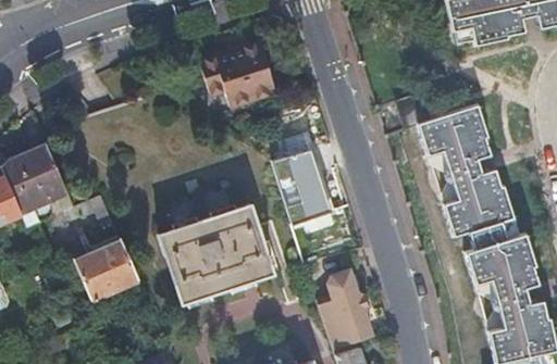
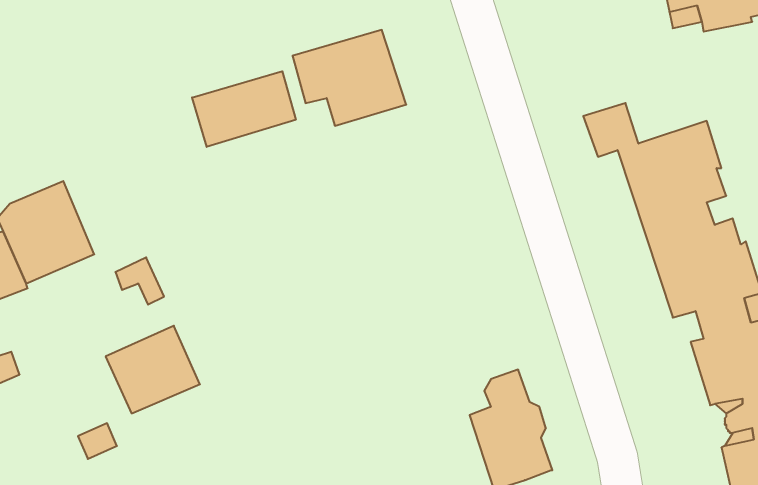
building: none -> [192,71,296,147]
building: [273,149,323,225] -> none
building: [160,203,275,302] -> none

